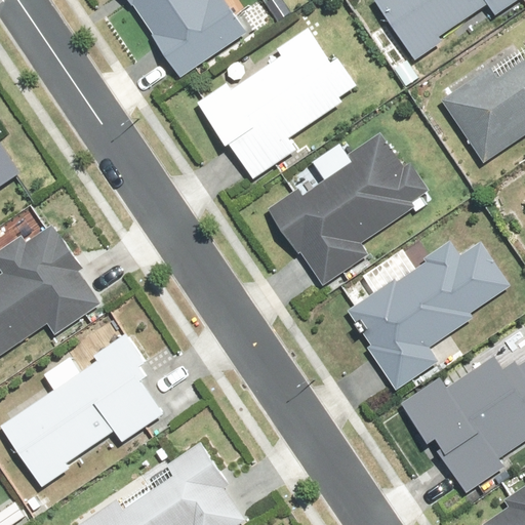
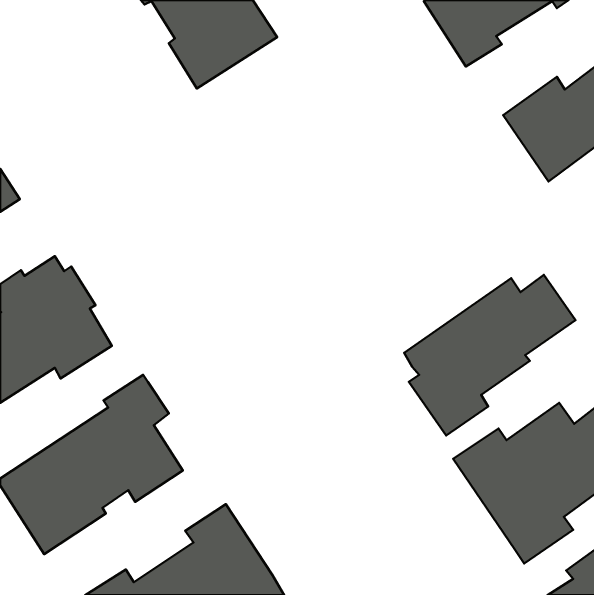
building: [199,29,351,181] -> none
building: [271,131,427,287] -> none

